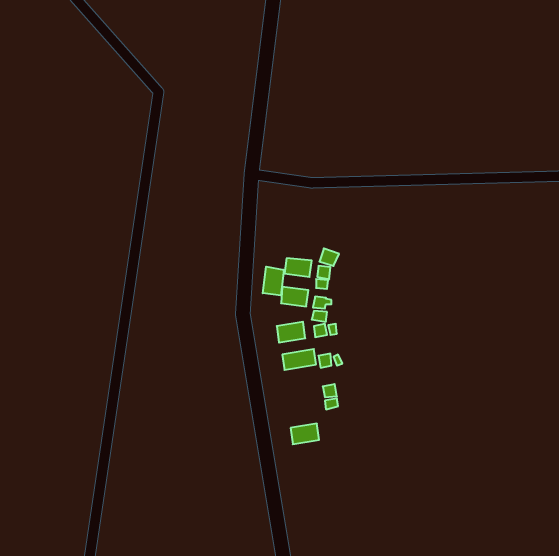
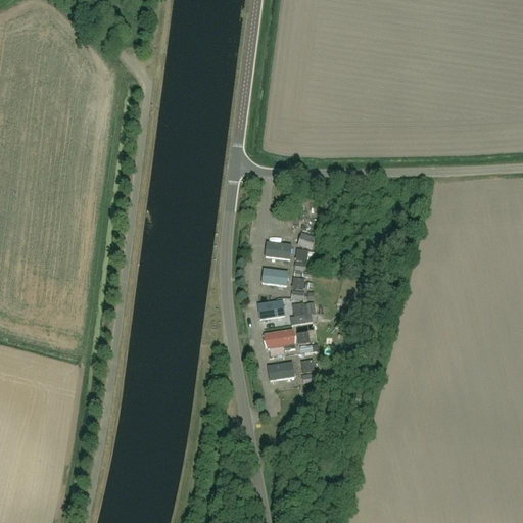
building: [263,267,284,295] -> none
building: [291,424,319,444] -> [269,362,295,381]

